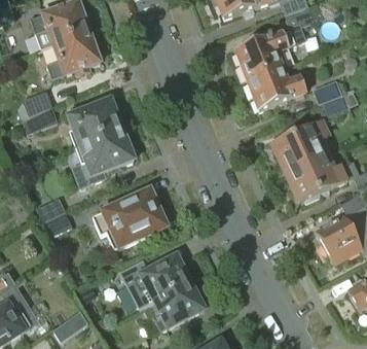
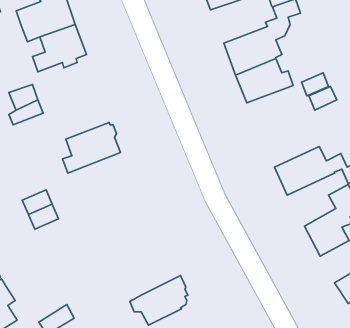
building: [68,98,122,145] -> none
building: [273,121,331,173] -> none
building: [93,188,166,248] -> none
building: [118,256,193,308] -> none

